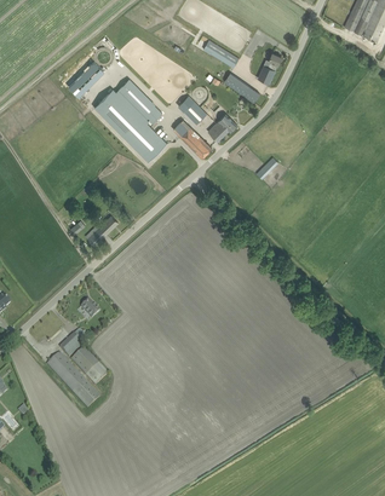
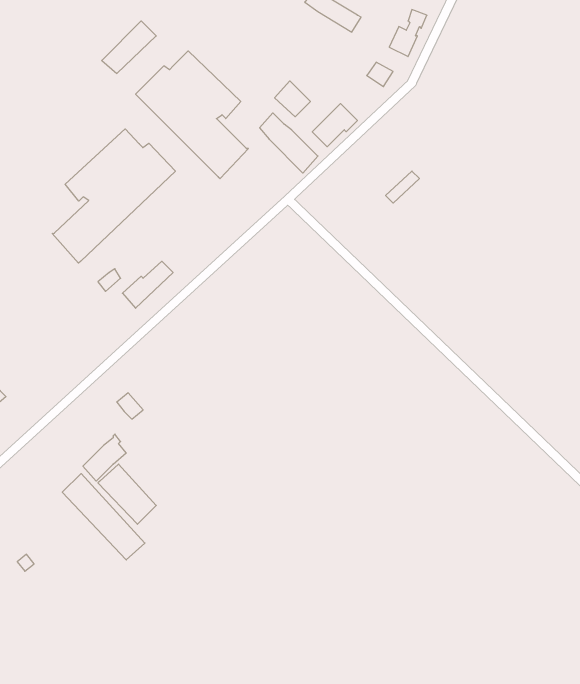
building: none -> [52,129,175,263]

